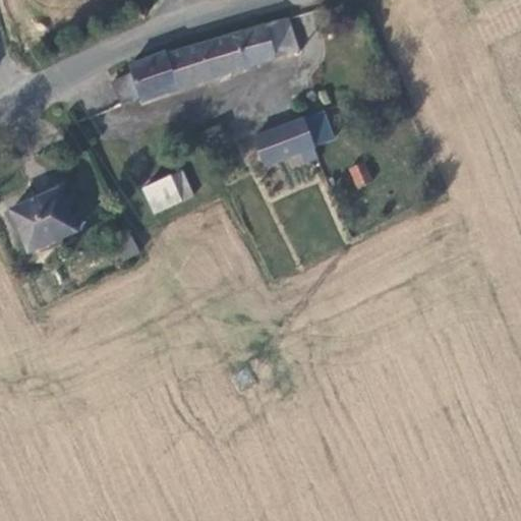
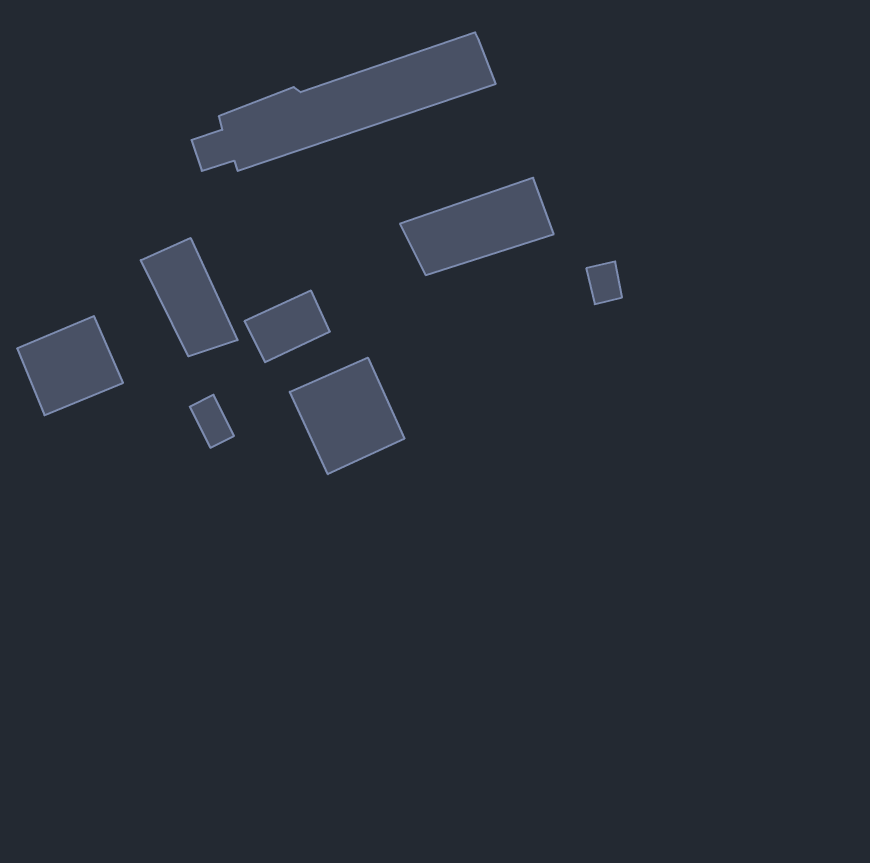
building: none -> [141,238,238,356]
building: none -> [290,358,404,474]

